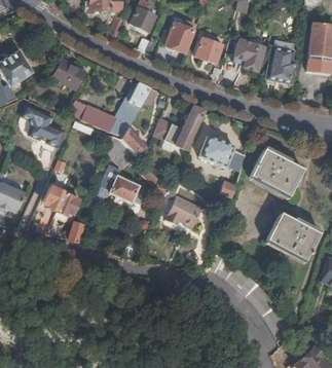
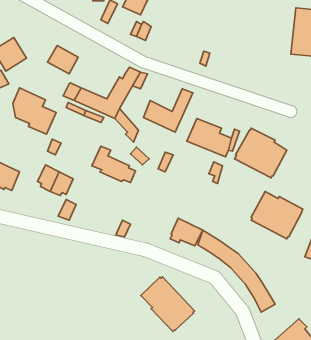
building: [165,20,195,51] -> none
building: [195,36,223,62] -> none
building: [234,38,263,70] -> none
building: [264,45,294,82] -> none
building: [168,195,201,224] -> [170,218,203,246]
building: none -> [141,277,195,331]

